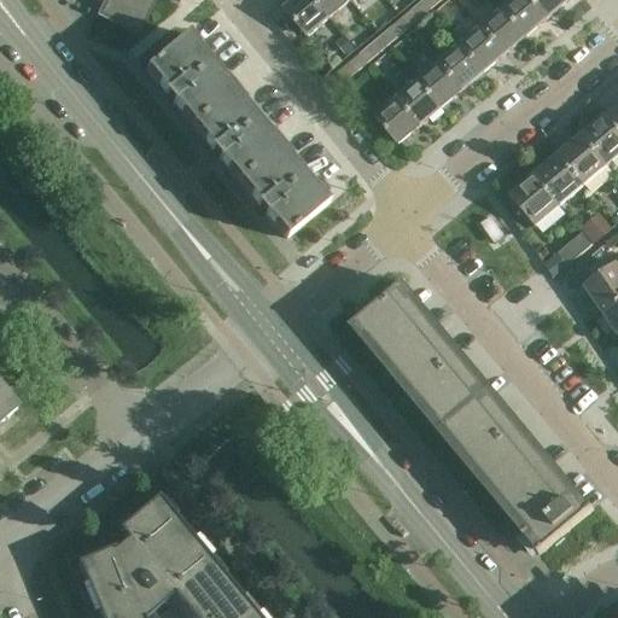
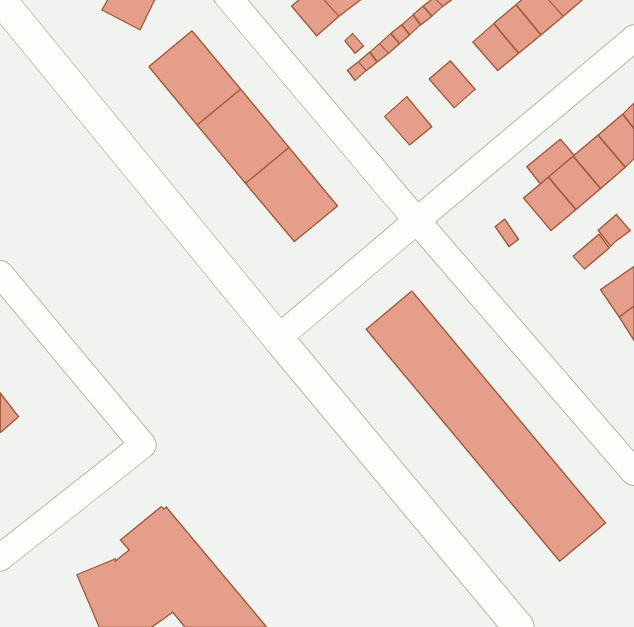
building: [438,41,484,87] -> none
building: [396,77,442,123] -> none
building: none -> [527,139,574,184]

